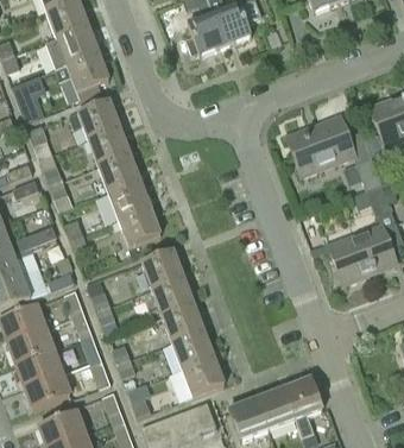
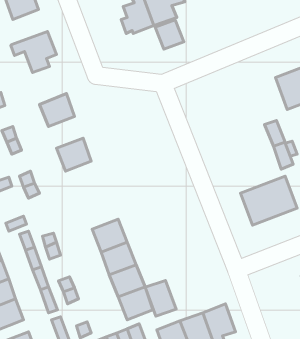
building: [46,26,97,68] -> none
building: none -> [155,20,184,49]
building: [68,99,120,139] -> none
building: [286,115,355,175] -> none
building: [99,153,140,191] -> none
building: [119,207,160,246] -> none
building: [141,250,182,288] -> none
building: none -> [145,281,176,316]

